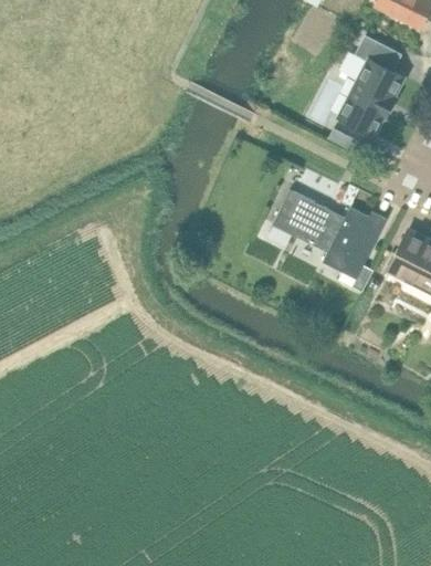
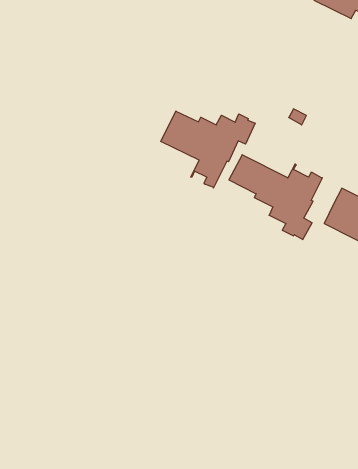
building: [338,36,403,136] -> none
building: none -> [161,111,255,188]

